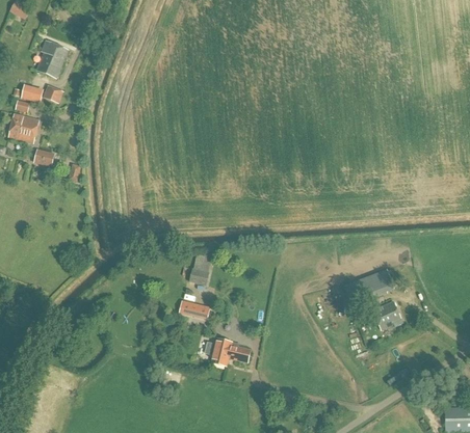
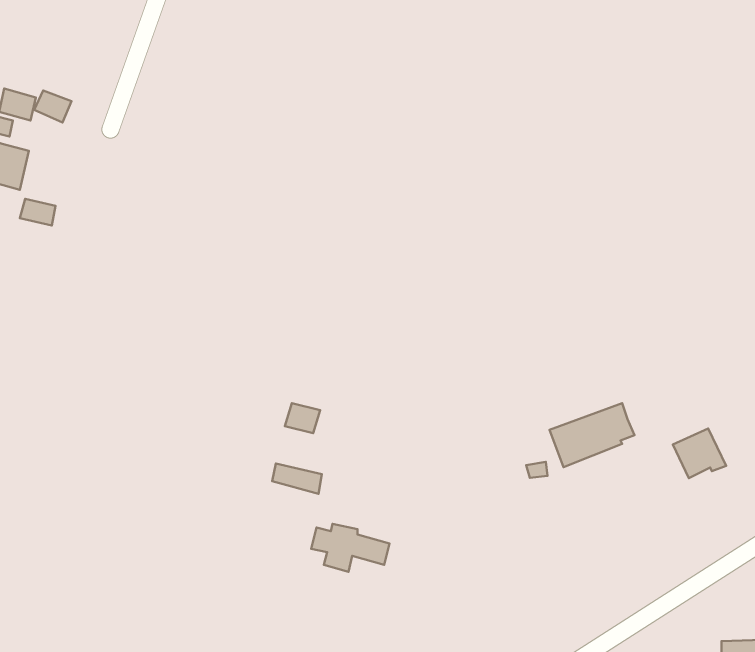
building: [36,40,69,78] -> none
building: [372,301,403,330] -> [673,429,726,478]

